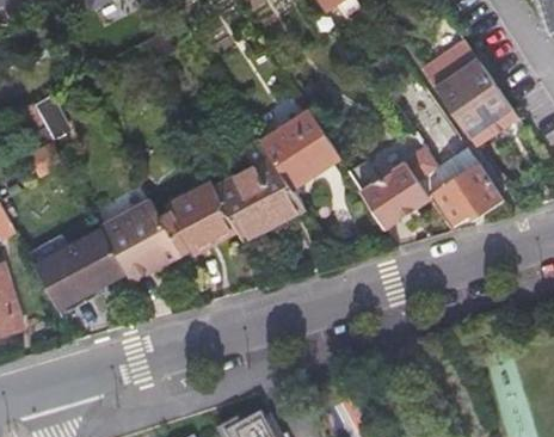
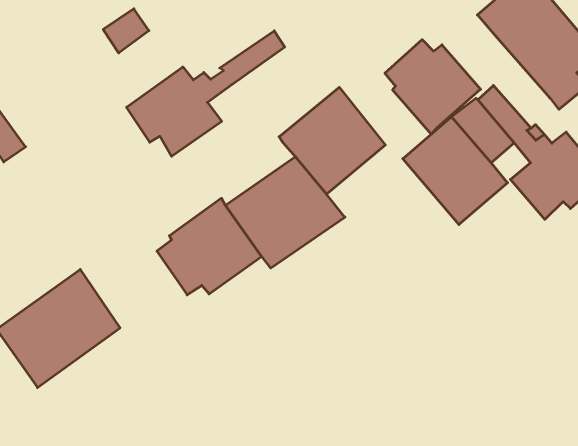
building: none -> [127,31,285,156]
building: none -> [385,40,481,134]
building: [99,198,178,281] -> none

